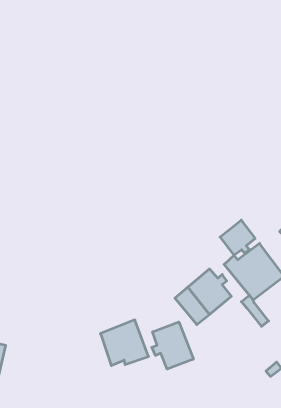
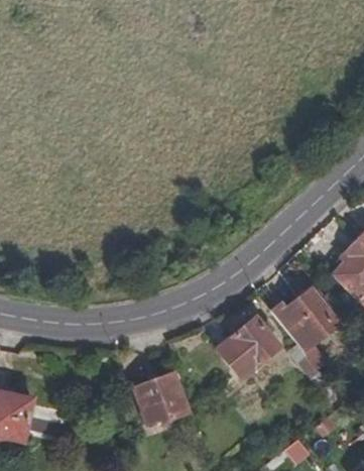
building: [220,220,255,255] -> none
building: [152,322,193,369] -> none

